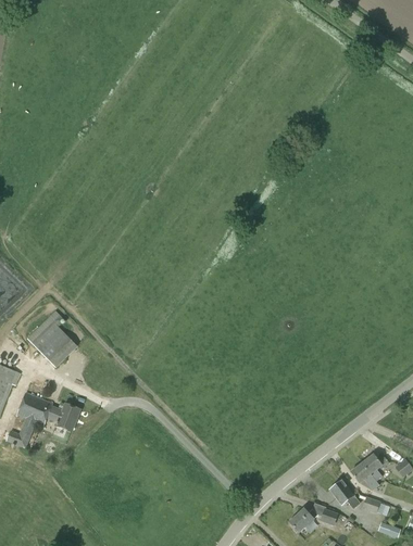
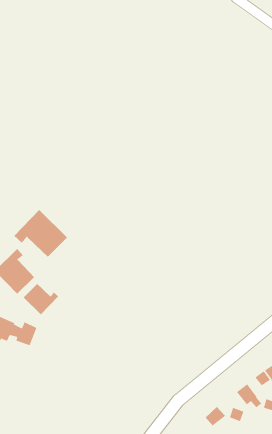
building: none -> [13,209,68,257]
building: none -> [23,283,59,315]

